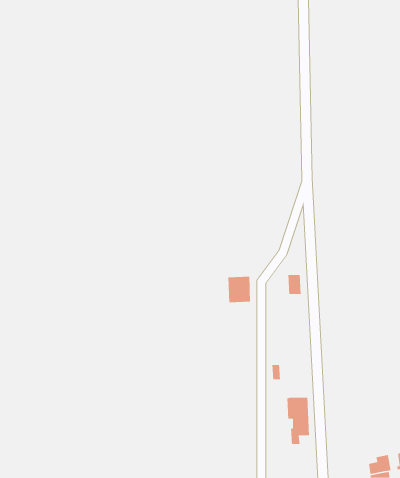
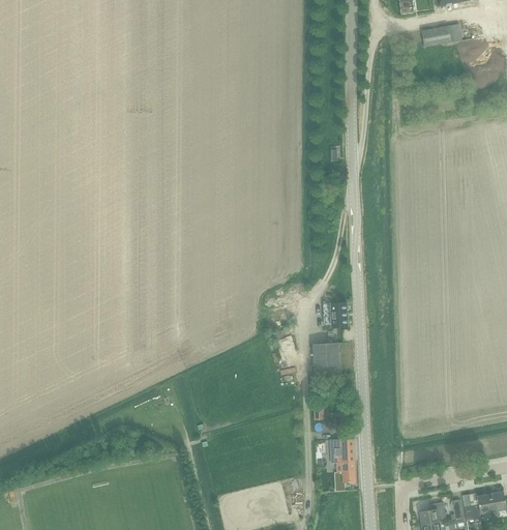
building: none -> [420,26,450,48]
building: [228,276,251,303] -> [312,343,338,373]

